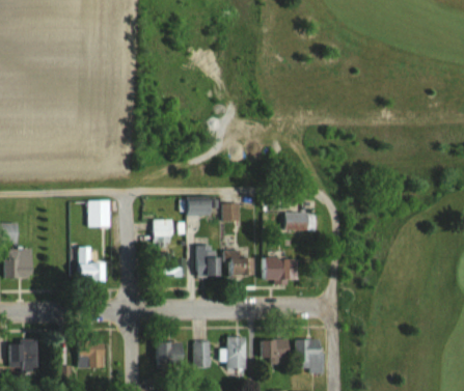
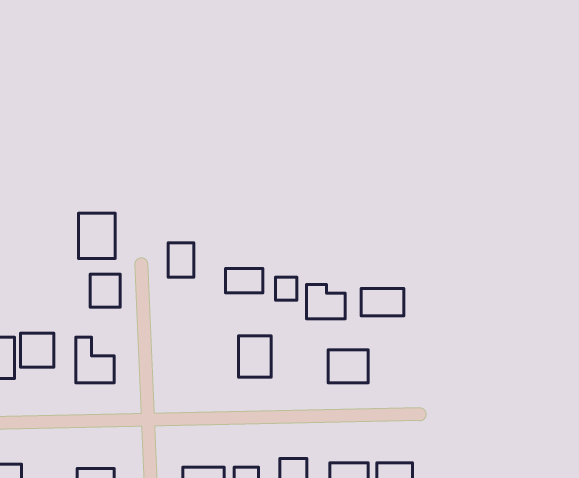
building: none -> [78,213,115,258]
building: [153,219,171,244] -> [168,243,194,277]
building: none -> [21,333,54,367]
building: [225,250,253,275] -> [307,285,345,319]

